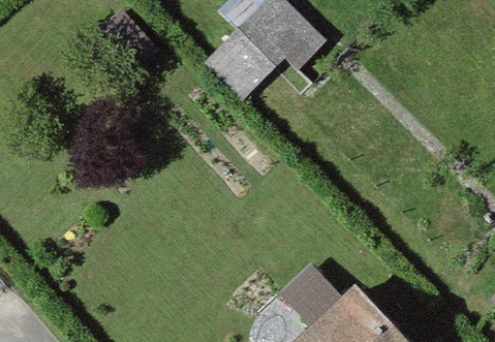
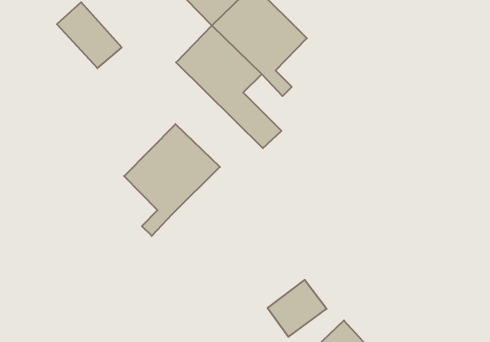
building: none -> [124,124,220,236]

